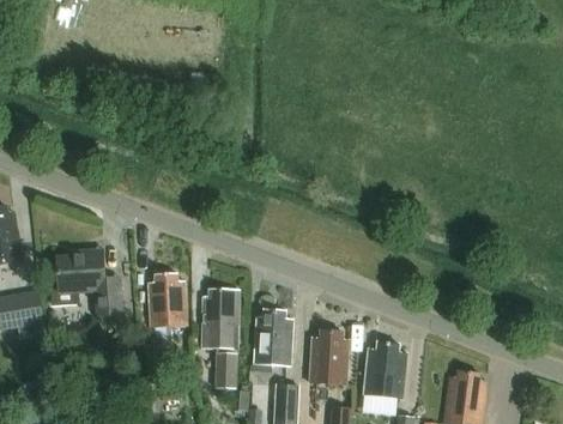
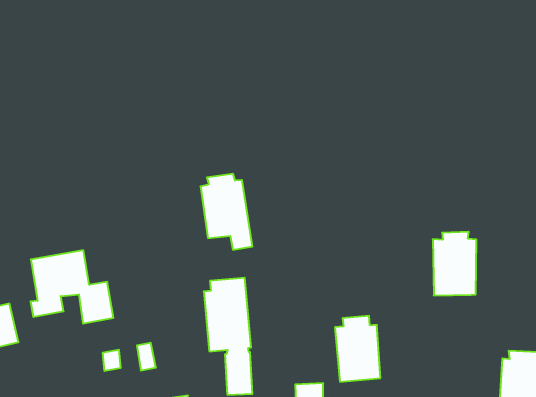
building: [149,274,188,339] -> [200,174,252,250]
building: [255,310,291,367] -> none
building: [364,343,405,398] -> [433,232,476,295]

